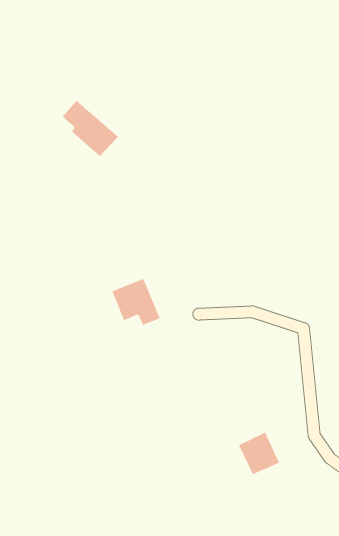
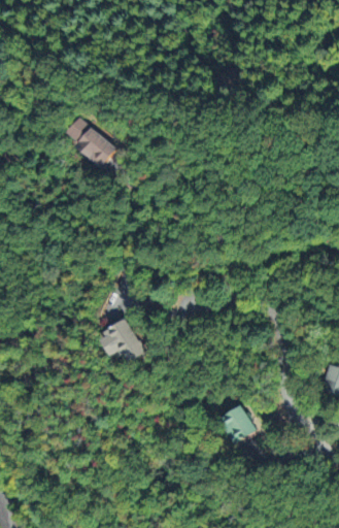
building: [112,278,160,326] -> [101,319,143,360]

